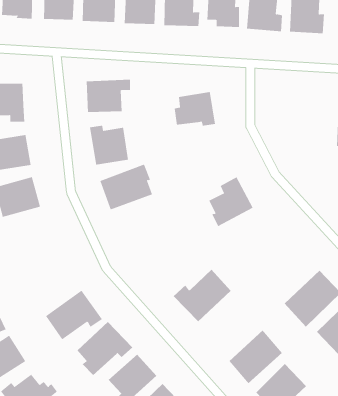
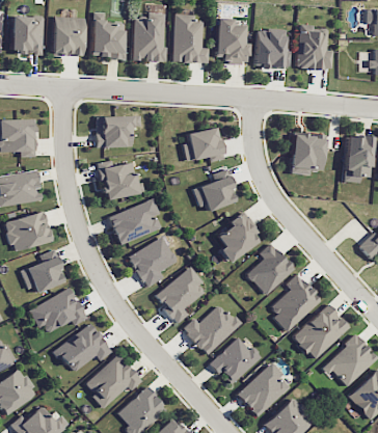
building: none -> [291,132,325,174]
building: none -> [194,174,238,212]
building: none -> [129,237,177,288]
building: none -> [246,242,295,295]
building: none -> [22,249,66,294]
building: none -> [155,267,208,324]
building: none -> [268,273,321,330]
building: none -> [30,287,87,334]
building: none -> [209,336,263,383]

